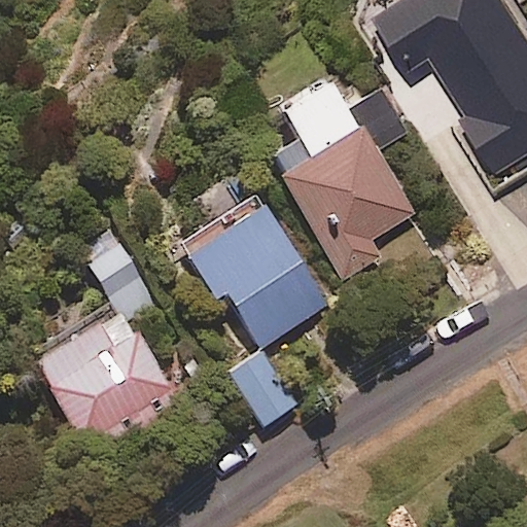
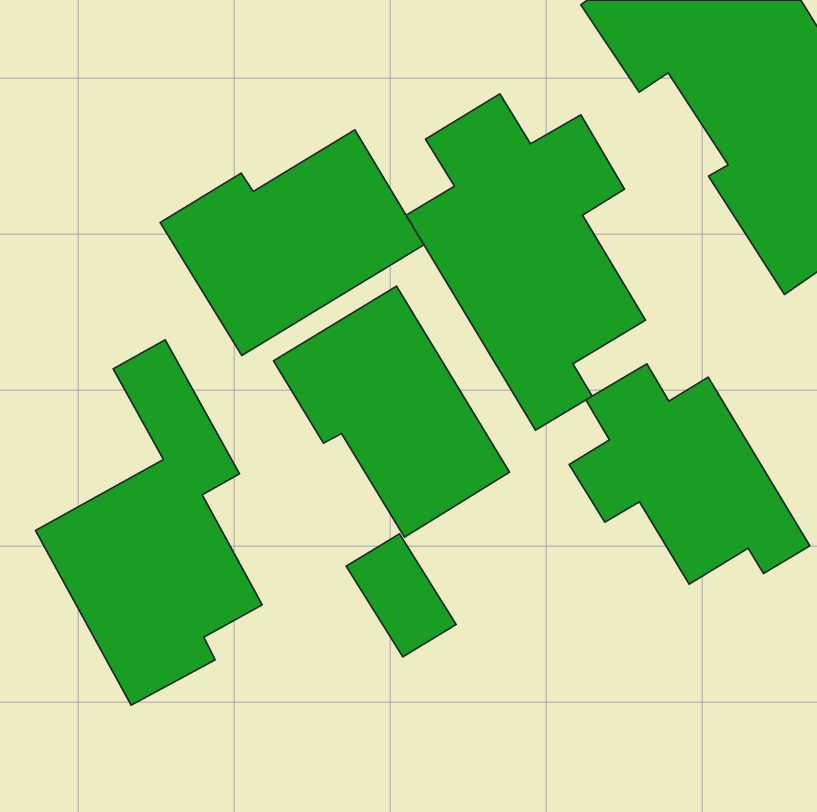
building: none -> [160,130,424,356]
building: none -> [569,364,810,584]

